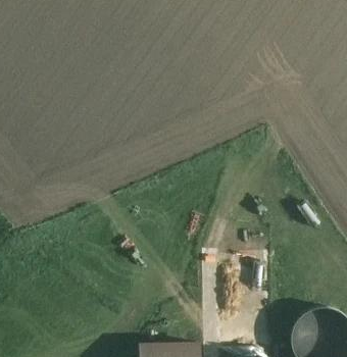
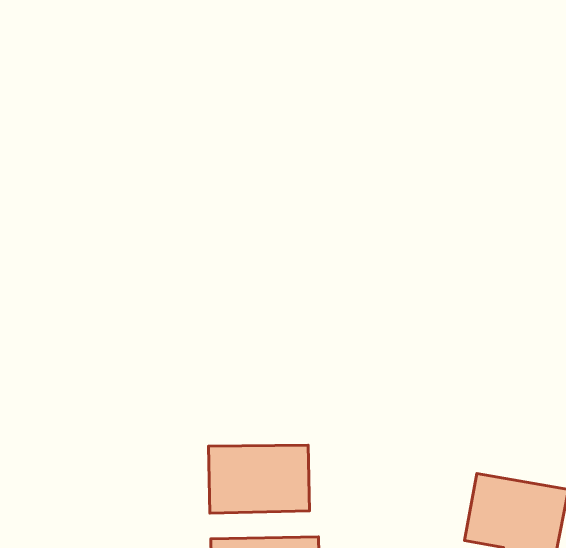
building: none -> [208,445,309,513]

